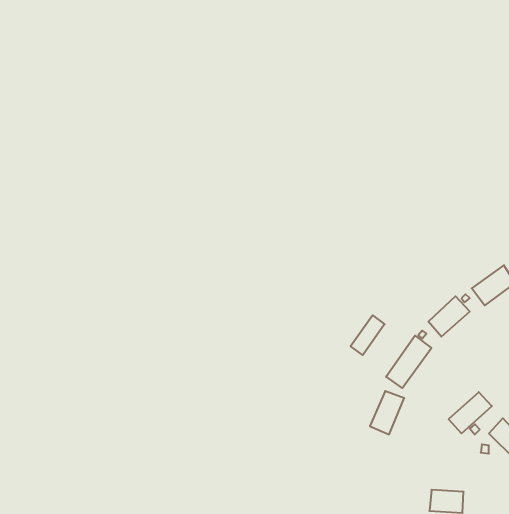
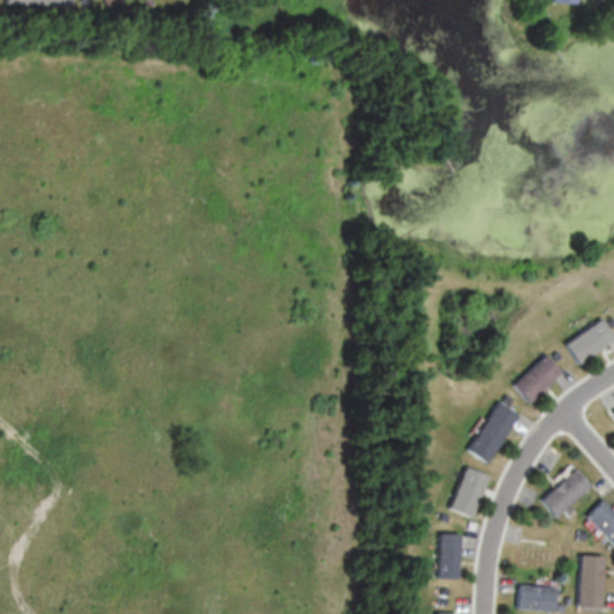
building: [351,315,385,355] -> none
building: none -> [437,532,459,579]
building: none -> [582,554,608,607]

